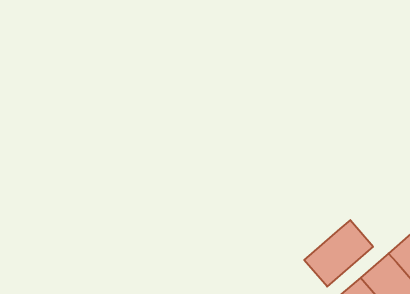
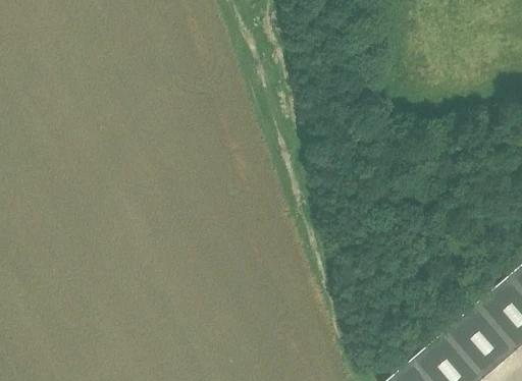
building: [304,220,373,287] -> none

